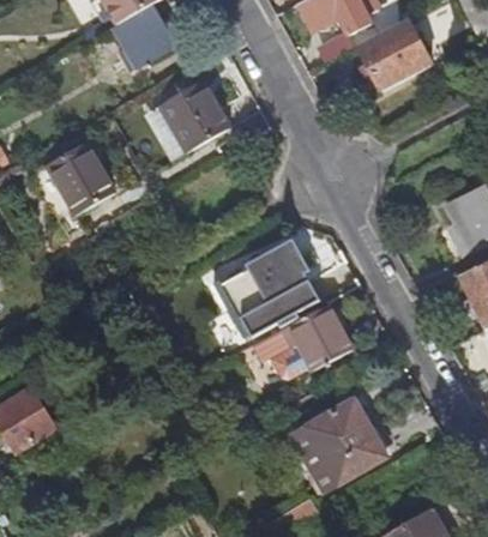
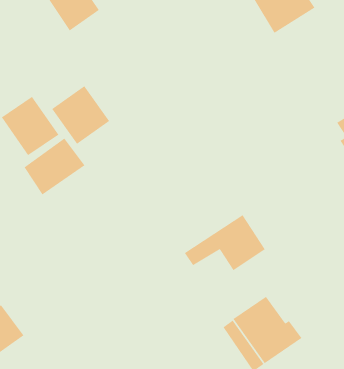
building: [159,80,229,151] -> [51,85,110,145]
building: none -> [24,137,86,196]
building: [211,246,318,337] -> none

